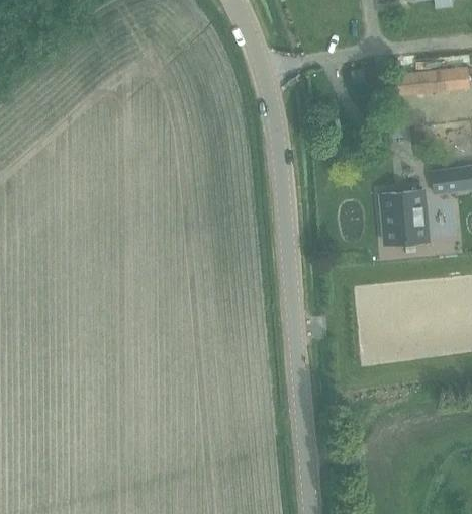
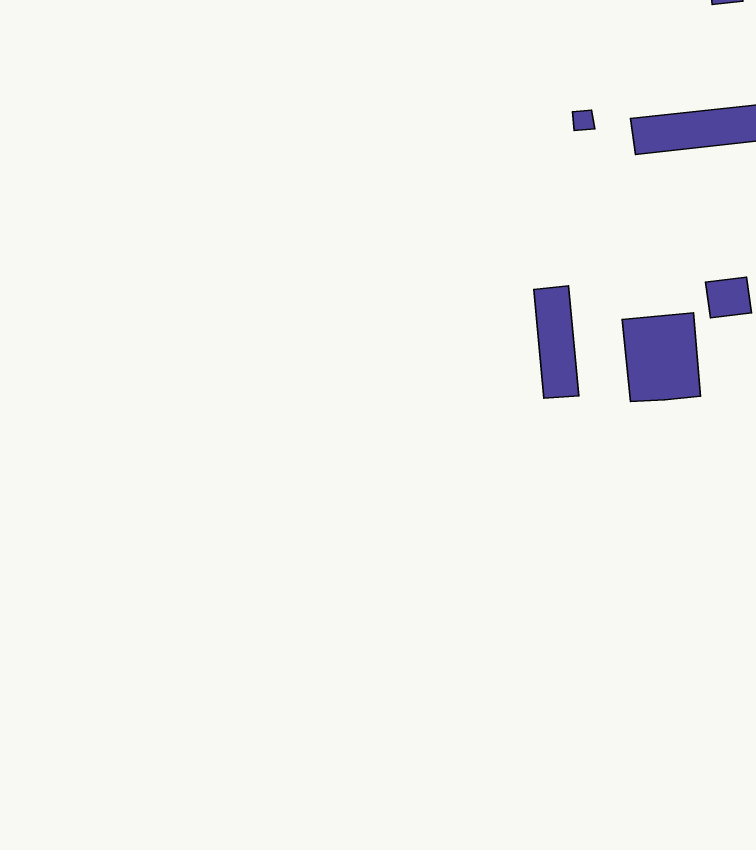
building: none -> [534,286,579,398]

